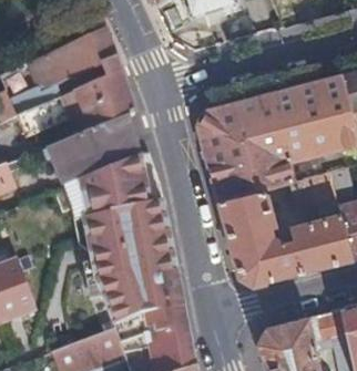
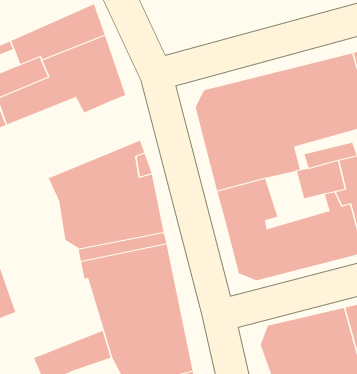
building: [48,117,137,187] -> none

